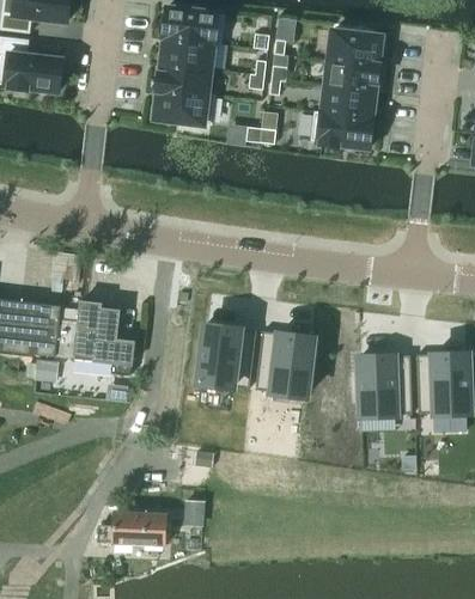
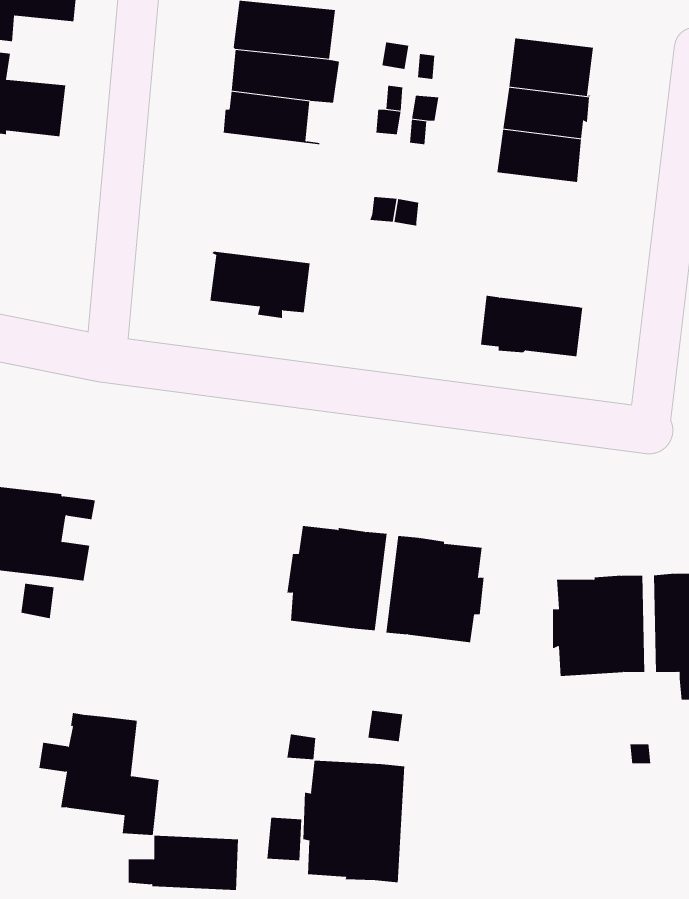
building: [154,87,215,128] -> [209,251,311,319]
building: [310,110,372,147] -> [480,295,583,357]
building: [60,300,133,374] -> [38,713,159,835]
building: none -> [303,760,405,883]

